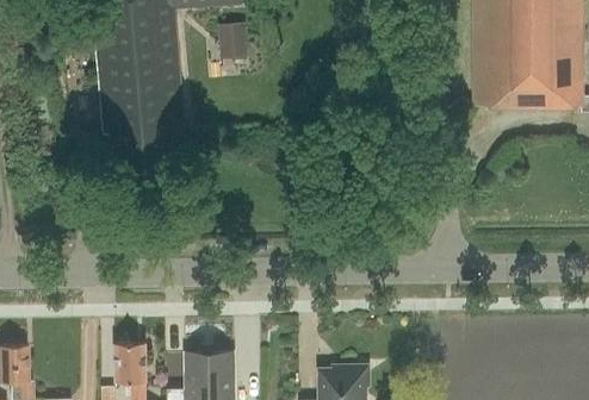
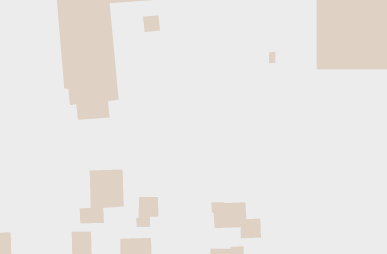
building: none -> [79,169,124,224]
building: none -> [136,196,159,228]
building: none -> [211,201,261,239]

